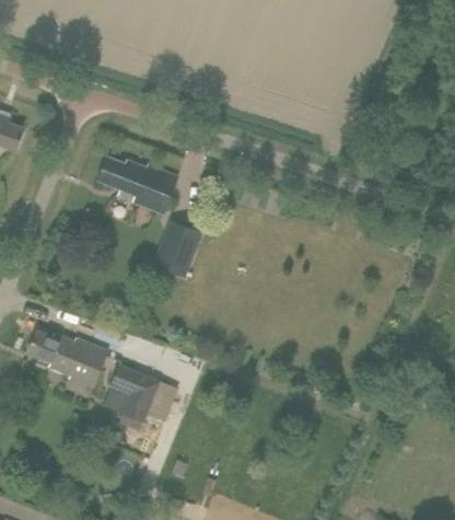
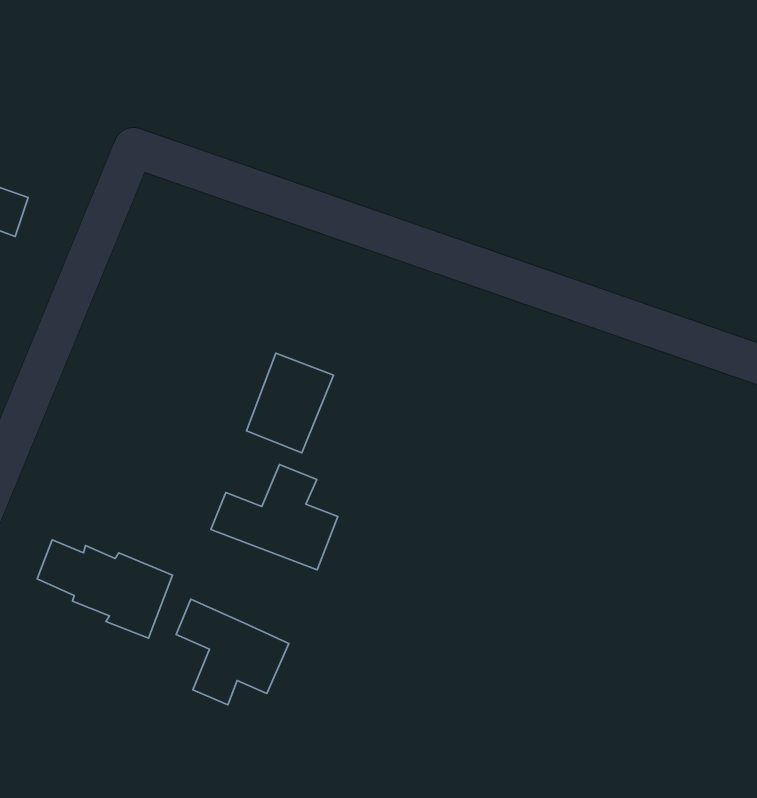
building: [96,157,177,215] -> none
building: none -> [211,464,338,570]

